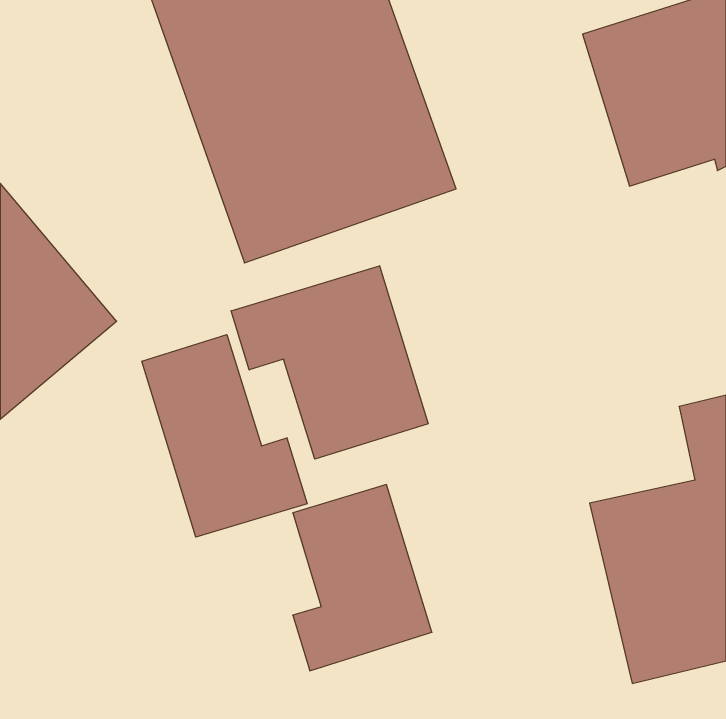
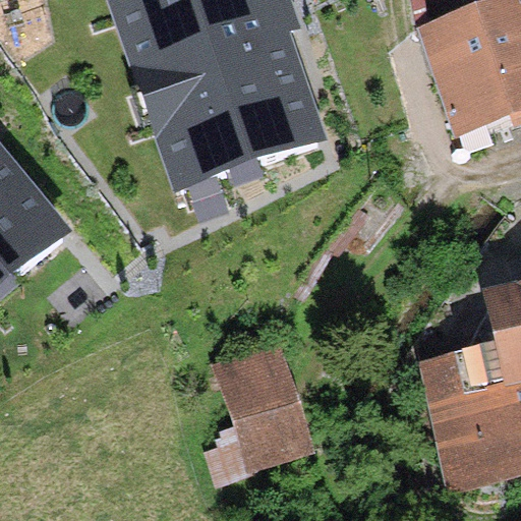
building: [231,266,428,459] -> none
building: [142,335,307,537] -> none

